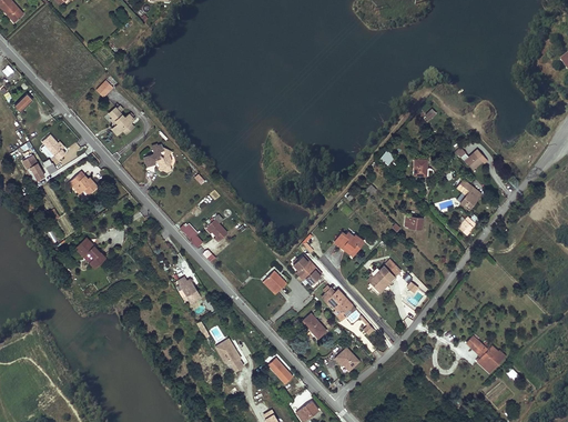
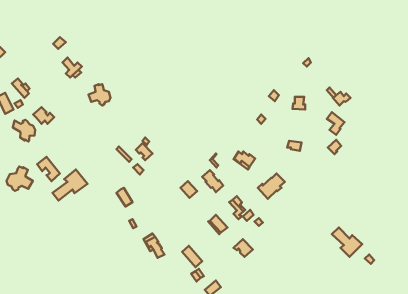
building: none -> [13,120,35,141]
building: none -> [7,167,33,191]
building: none -> [53,170,87,201]

